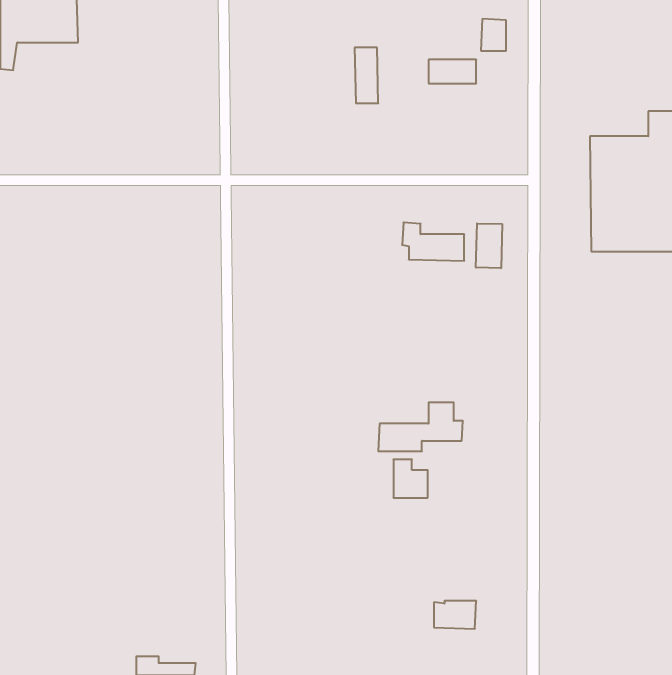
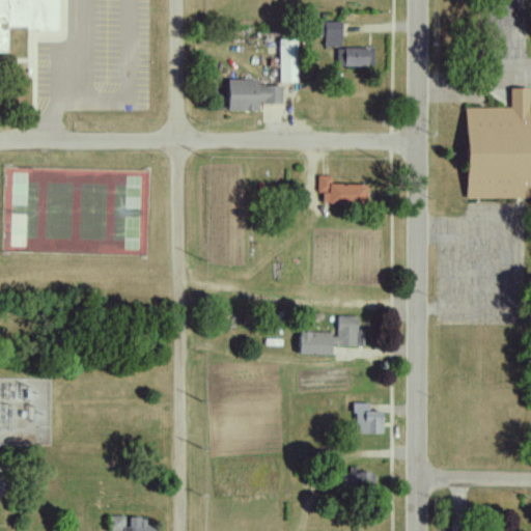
building: [481,19,506,51] -> [324,21,343,46]
building: none -> [229,79,283,110]
building: [476,223,502,268] -> none
building: [393,459,428,498] -> [357,402,384,432]

